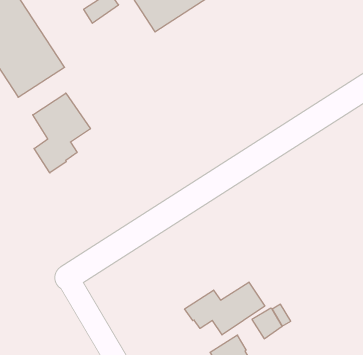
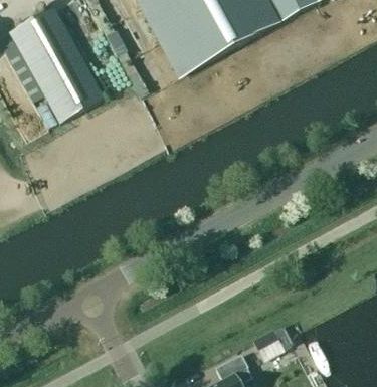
building: [33,93,90,173] -> none
building: [185,282,265,335] -> none

